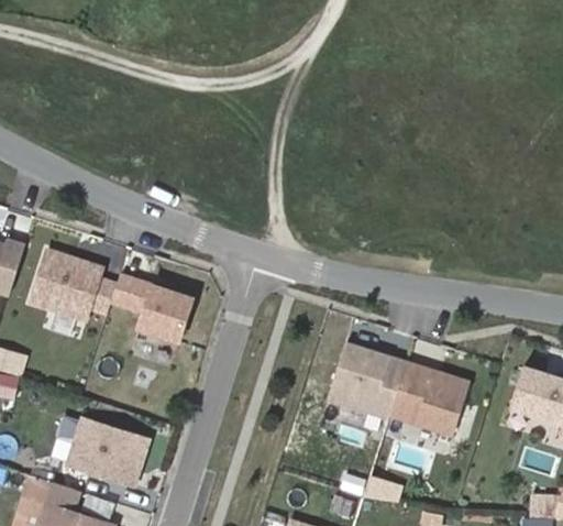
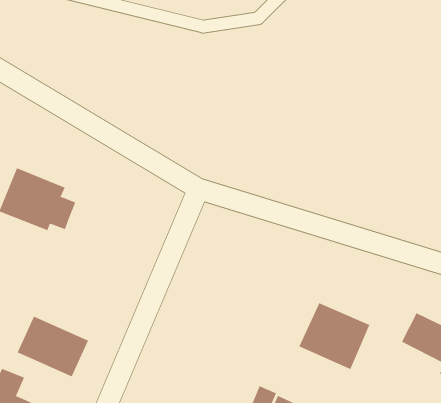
building: [112,274,187,337] -> none
building: [329,346,407,420] -> none

